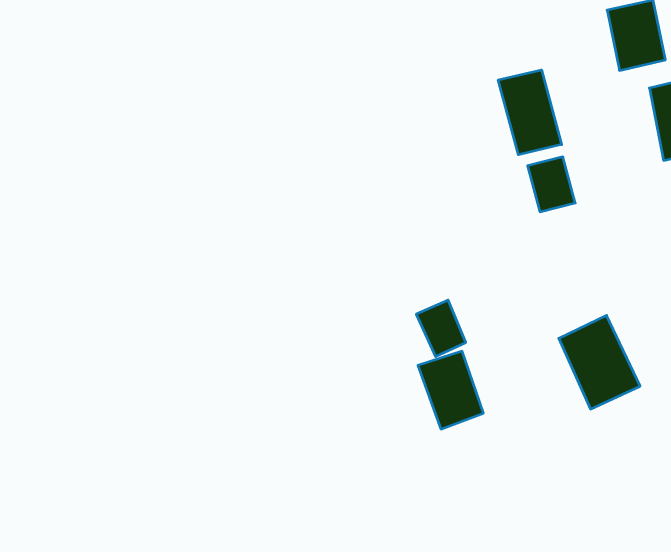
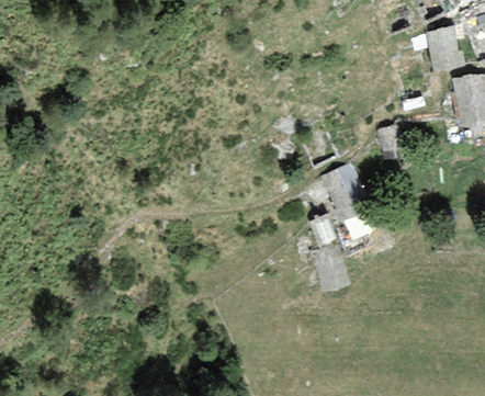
building: [498,70,562,155] -> none
building: [559,315,640,409] -> [322,162,372,220]

